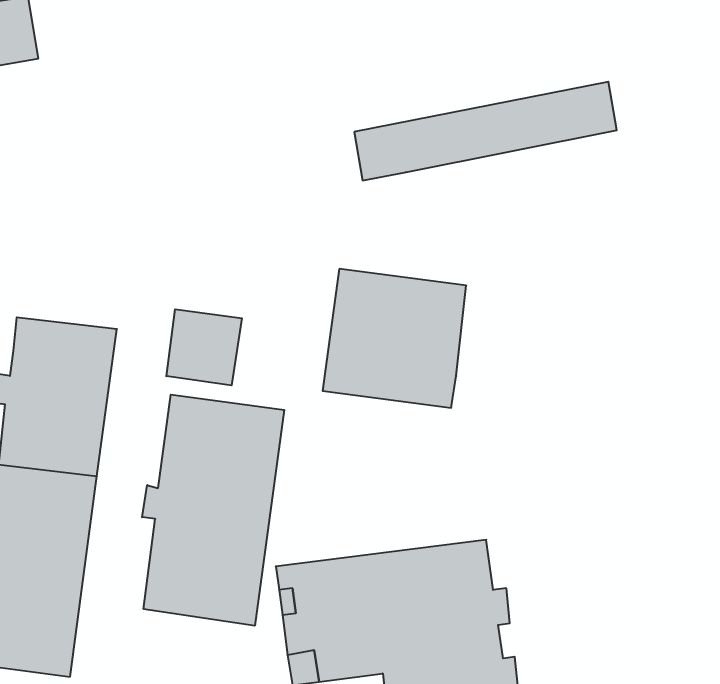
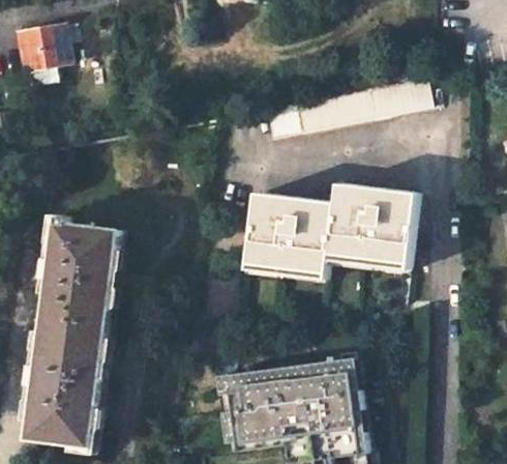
building: none -> [328,182,416,269]
building: [166,309,242,385] -> none
building: [142,395,284,626] -> none

